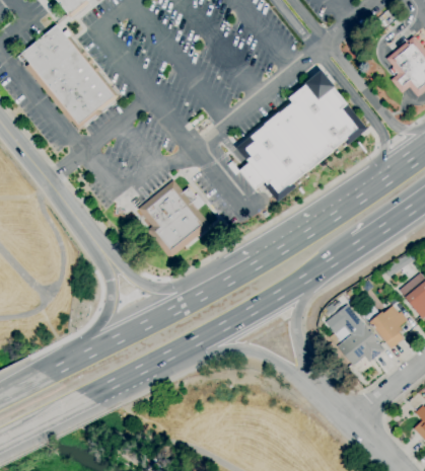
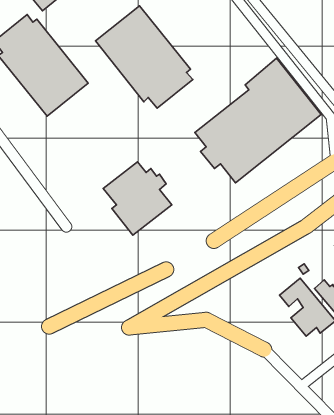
building: none -> [96,6,193,108]

